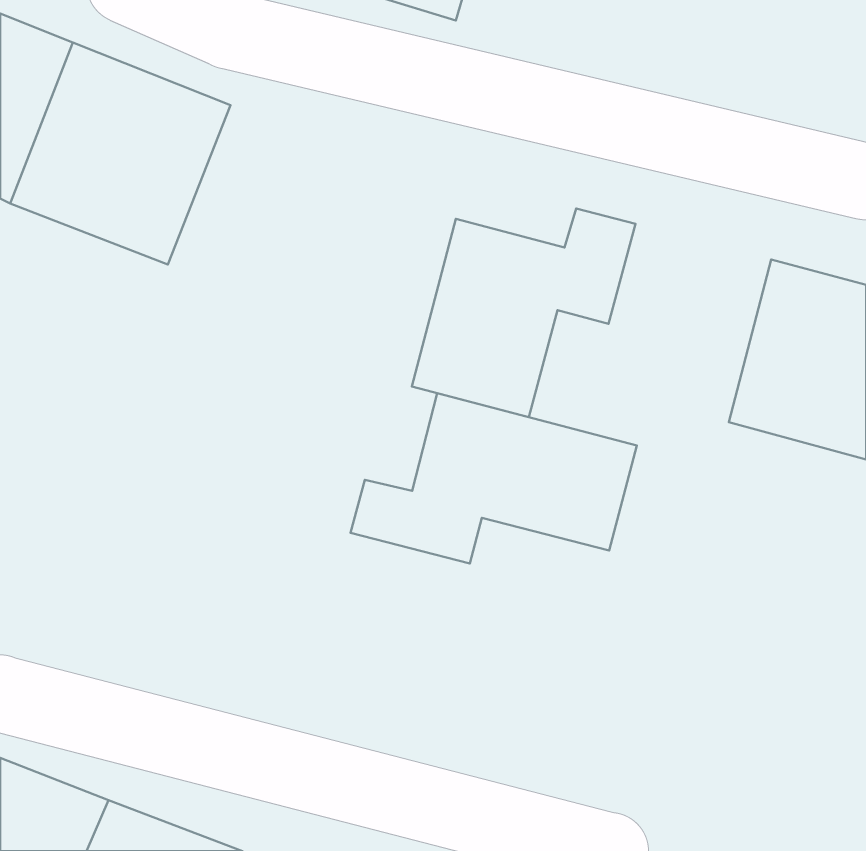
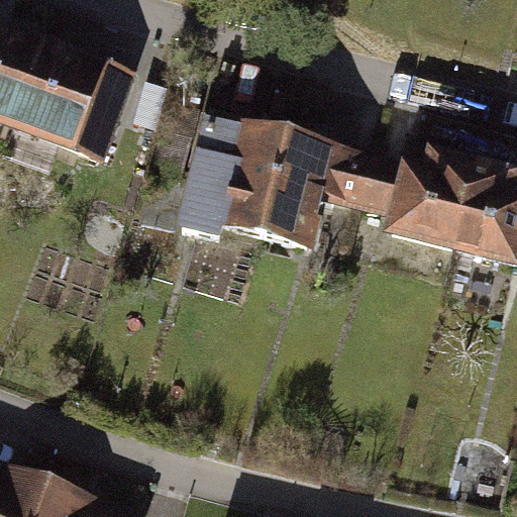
building: none -> [178,113,272,230]
building: none -> [363,133,459,251]
building: [350,393,637,563] -> none

